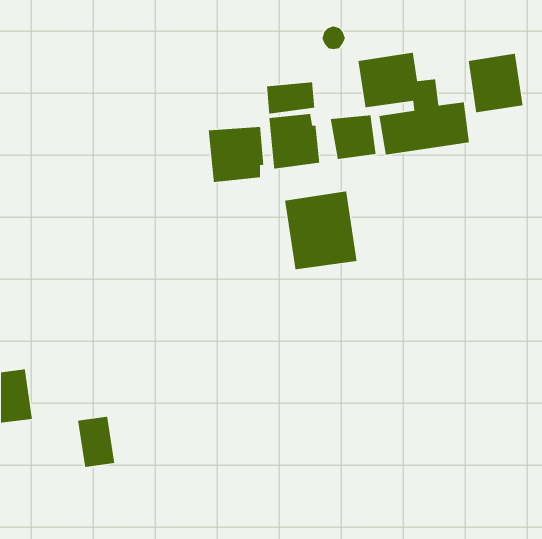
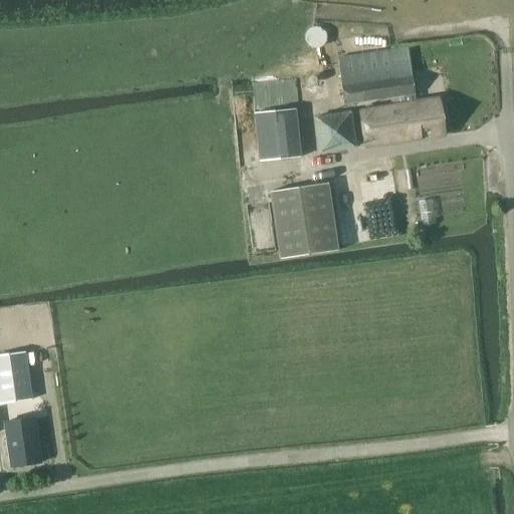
building: [468,53,524,113] -> none
building: [208,126,264,183] -> none
building: [77,416,115,468] -> [4,415,40,464]

